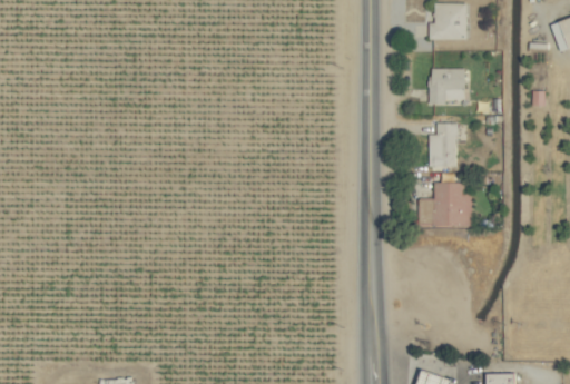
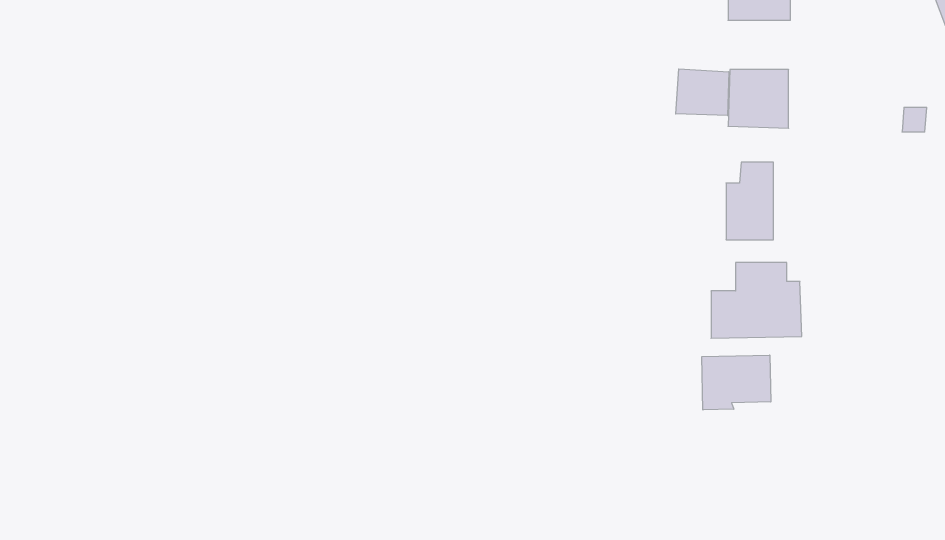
building: none -> [676,69,729,116]
building: none -> [702,355,771,410]

